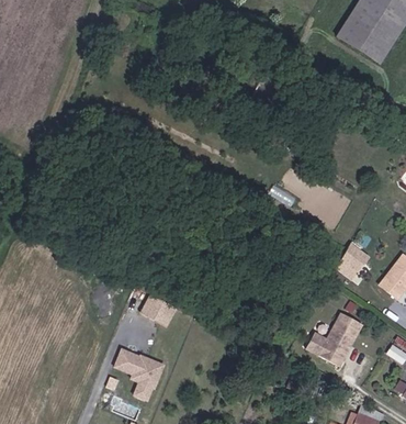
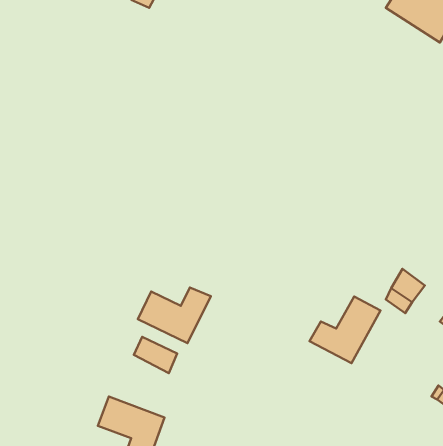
building: none -> [138,288,211,343]
building: [306,313,362,366] -> [310,297,381,363]

